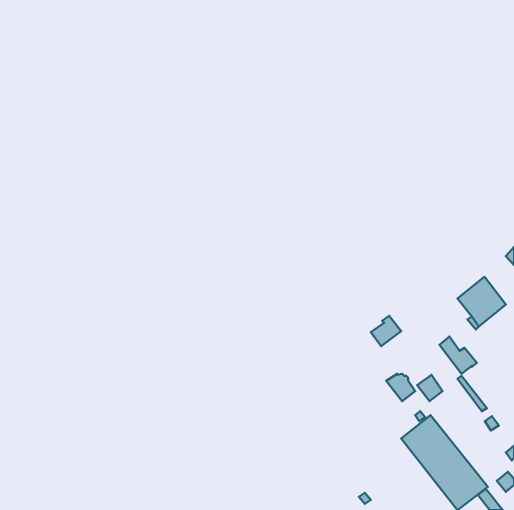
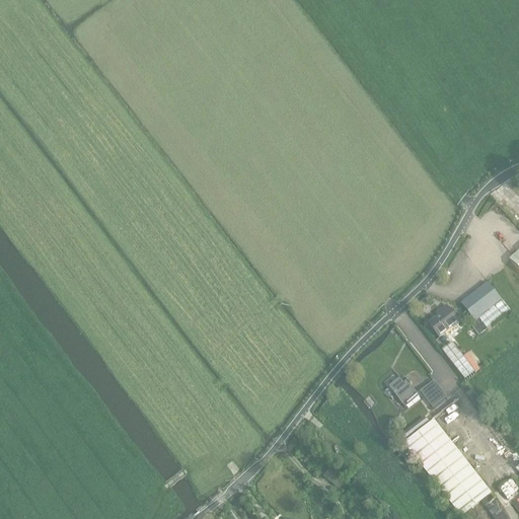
building: [371,316,401,346] -> [428,304,458,335]

